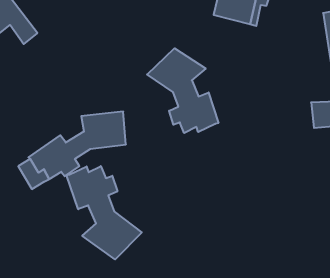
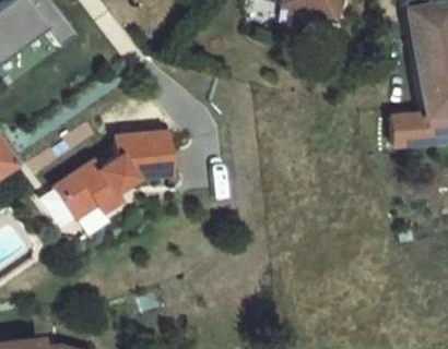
building: [147,48,218,133] -> none
building: [67,166,142,259] -> none

